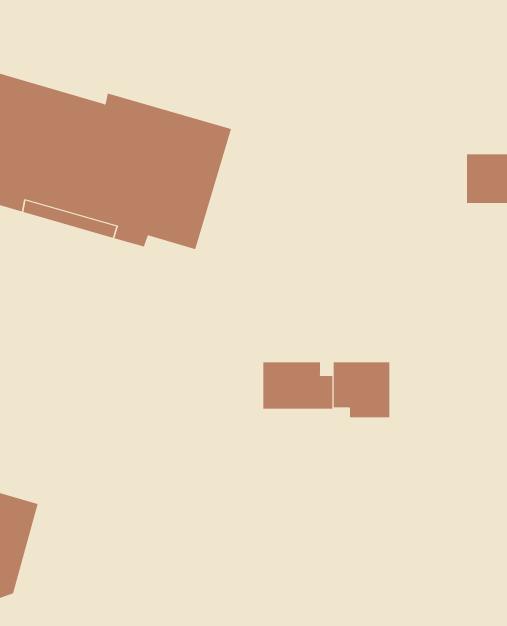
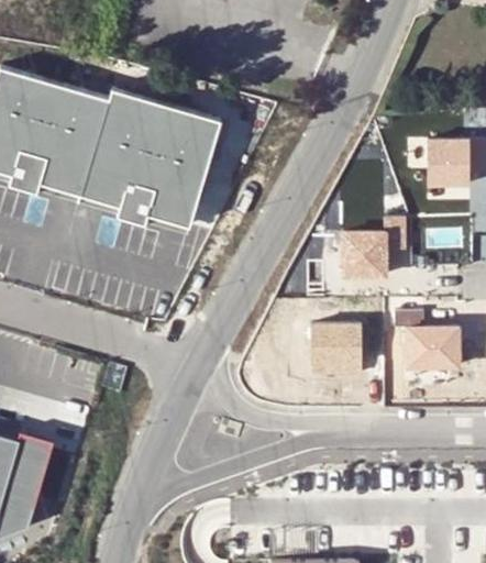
building: none -> [343,218,405,276]
building: none -> [395,311,459,367]
building: [263,362,333,409] -> none

